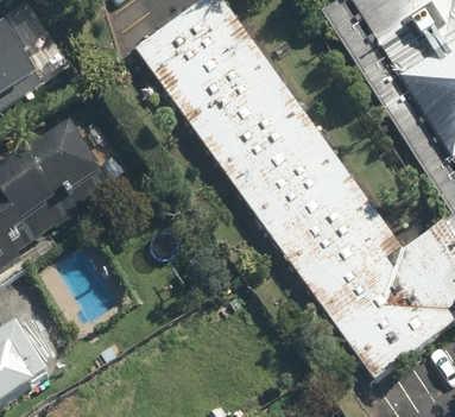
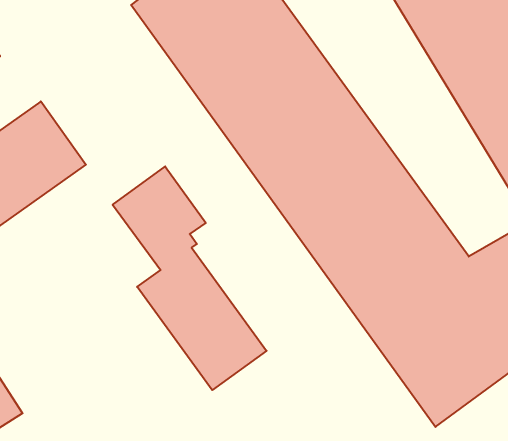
building: none -> [113,166,267,390]

